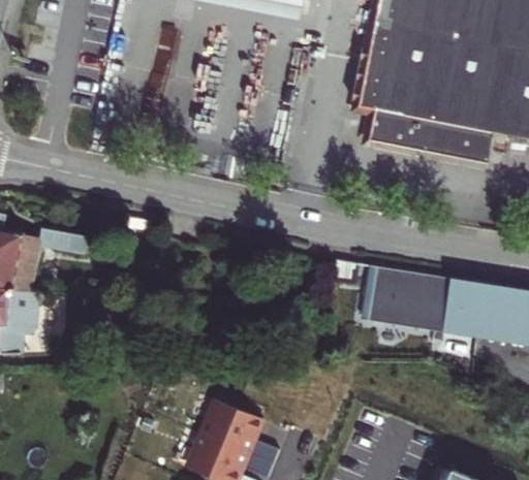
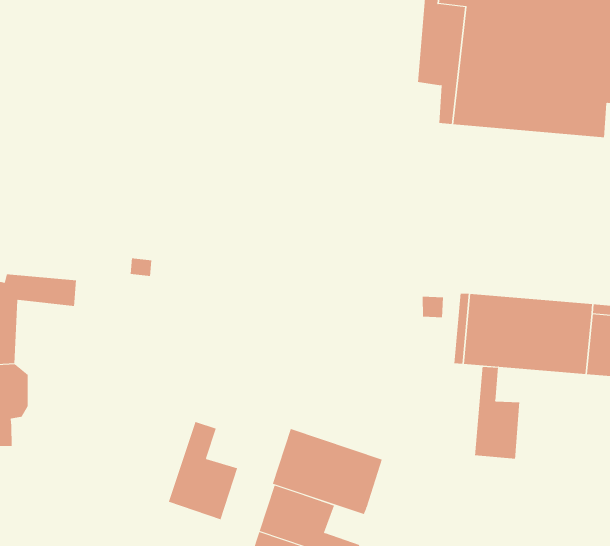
building: none -> [475,366,520,460]
building: none -> [168,421,238,520]
building: none -> [272,428,383,515]

